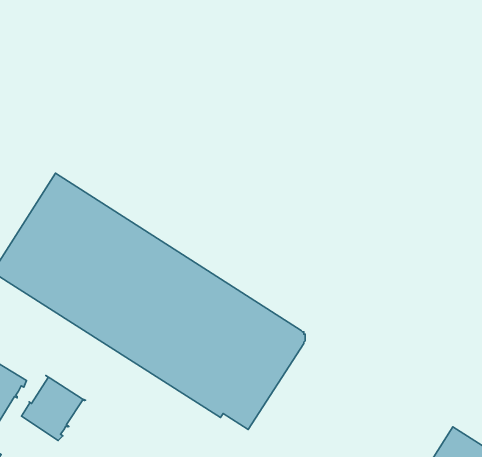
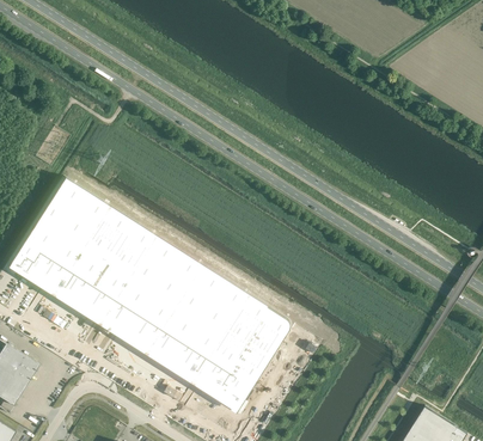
building: [21,375,86,441] -> none

